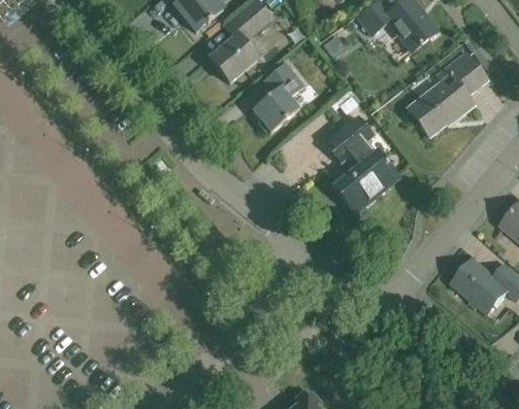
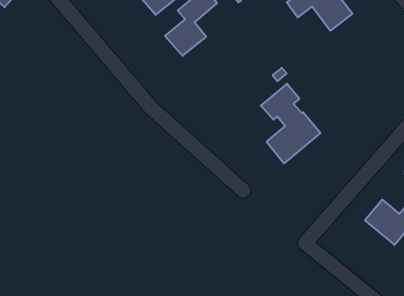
building: [408,49,487,135] -> none
building: [251,60,305,131] -> none

